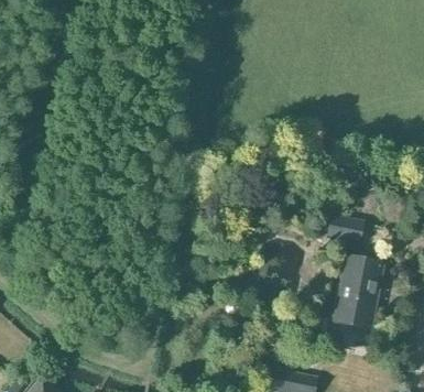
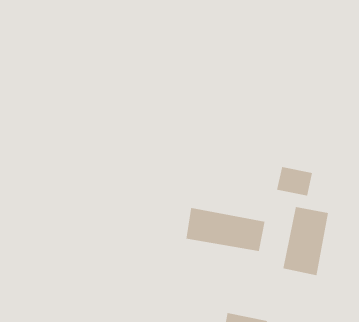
building: none -> [186,207,265,252]

